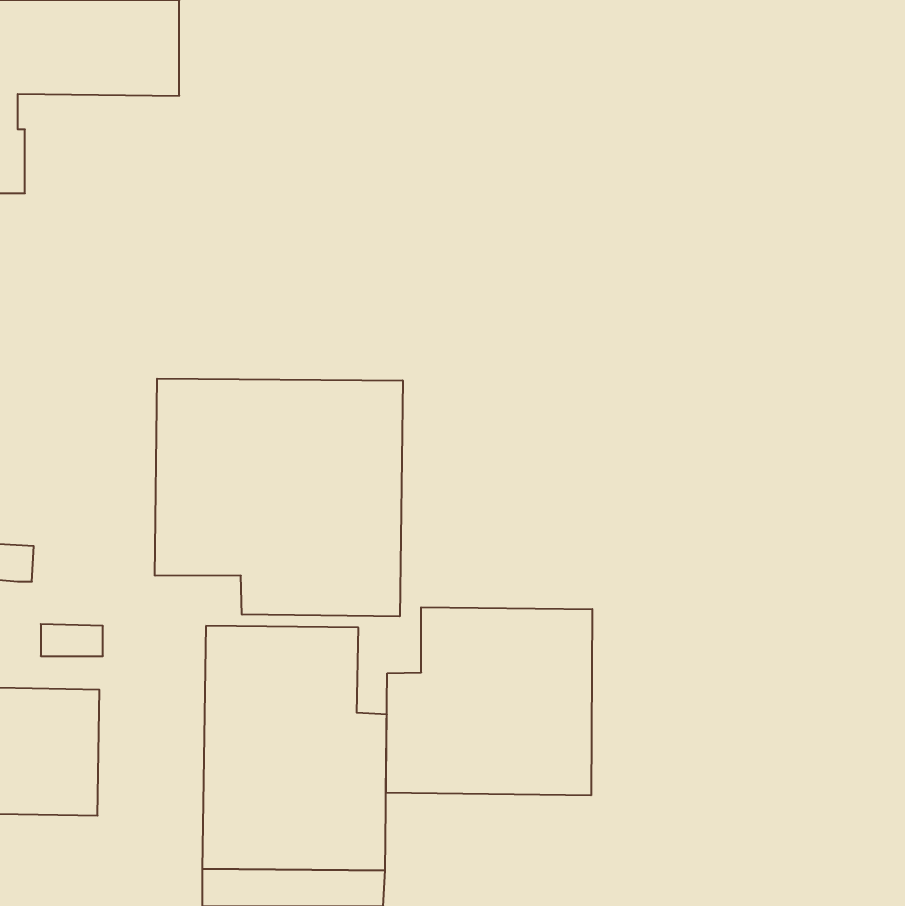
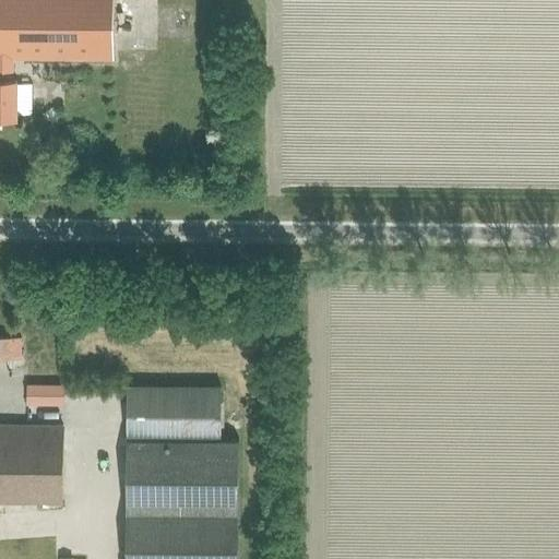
building: [155,379,403,616] -> none
building: [386,607,592,795] -> none

